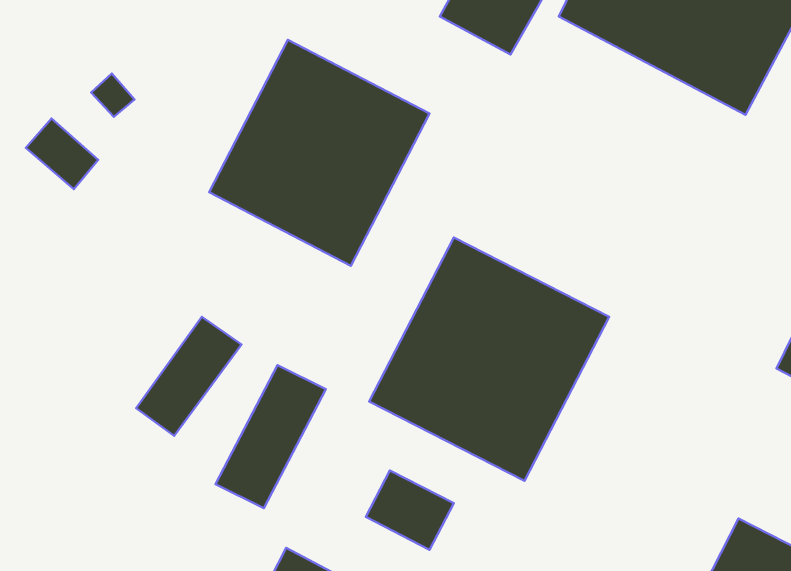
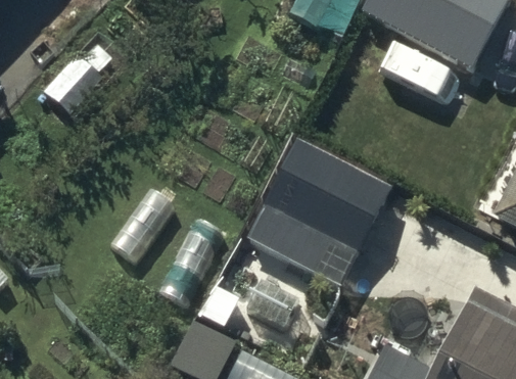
building: [209,40,430,266] -> none

